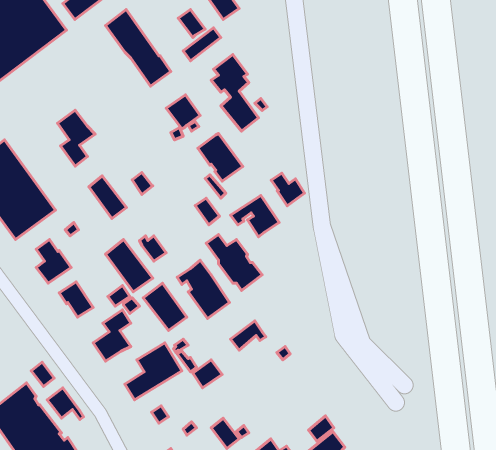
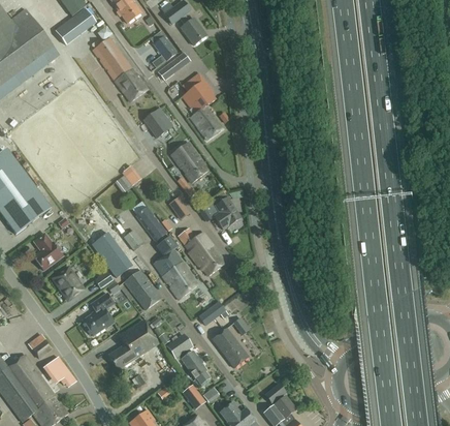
building: [57,110,95,166] -> none
building: [271,173,305,206] -> none
building: [89,176,126,218] -> [135,206,167,242]
building: none -> [212,328,249,367]
building: none -> [181,351,210,387]

